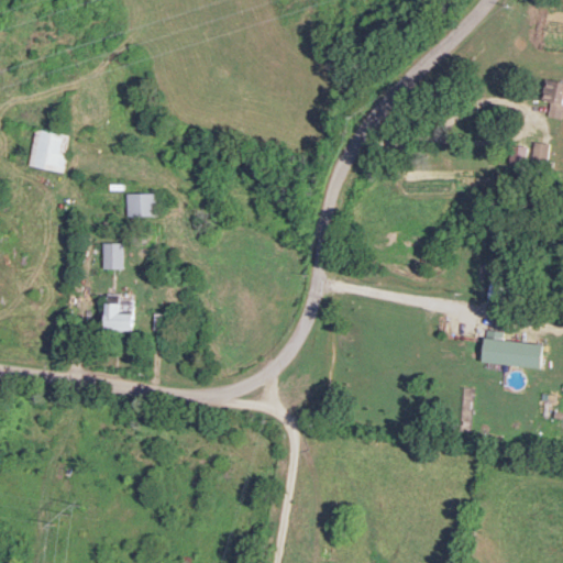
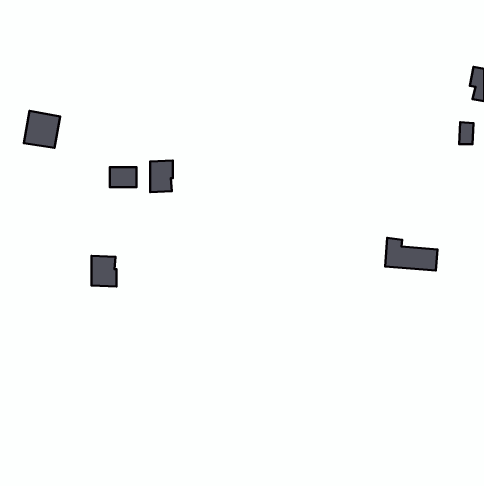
building: none -> [150,161,173,192]
building: [103,244,121,269] -> none
building: [482,331,542,368] -> [385,238,438,270]

